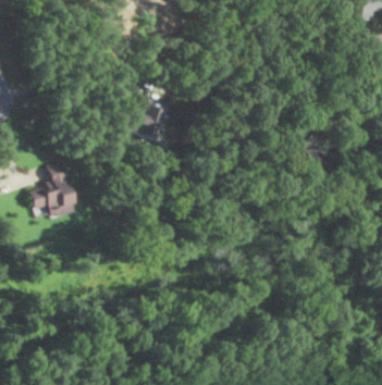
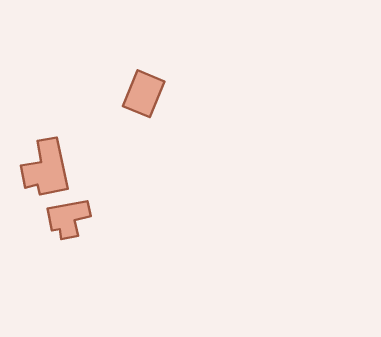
building: none -> [48,201,91,239]

